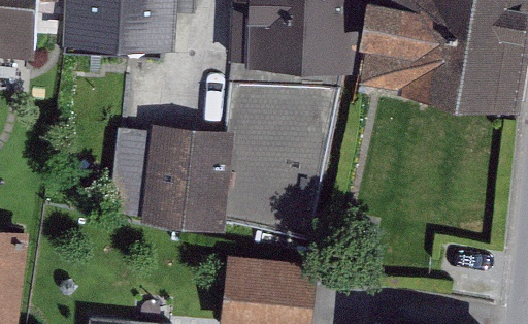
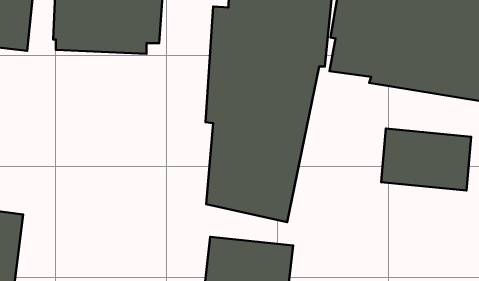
building: [108,126,232,236] -> none
building: none -> [381,128,471,190]

